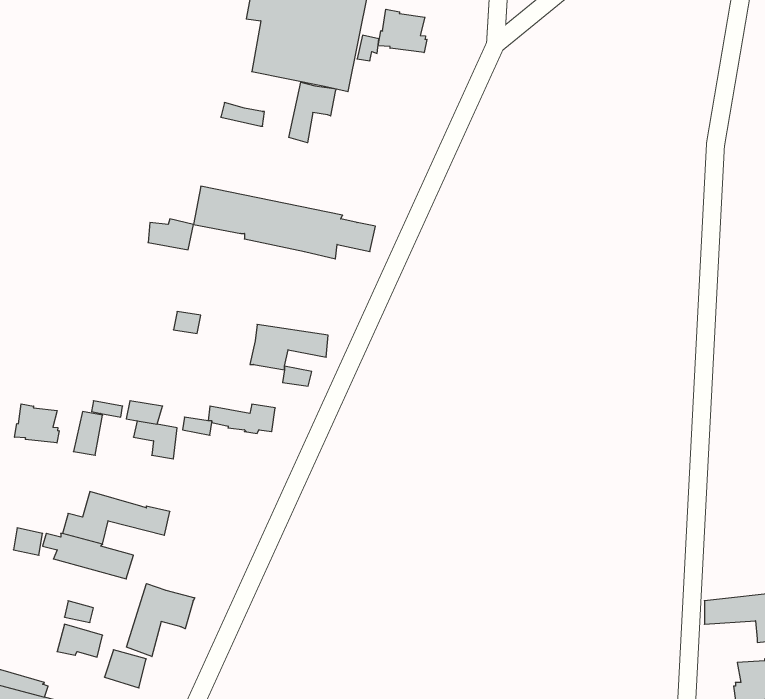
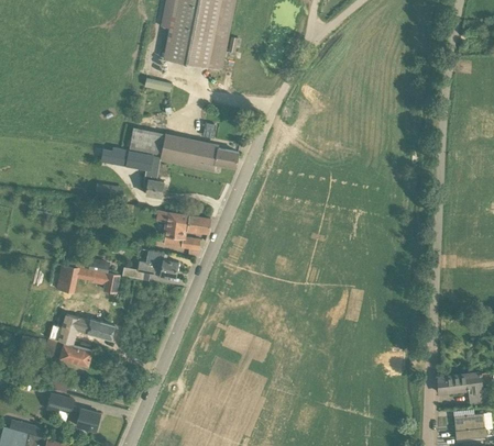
building: [378,9,427,53] -> none
building: [289,82,336,143] -> none
building: none -> [125,152,164,198]
building: [15,404,59,443] -> none
building: [127,584,195,657] -> none

